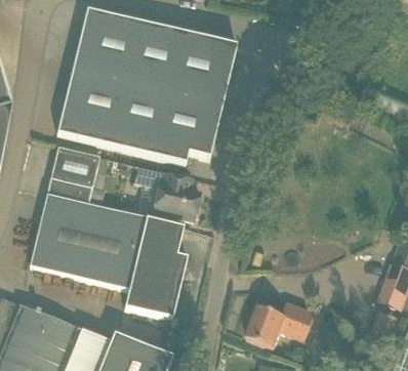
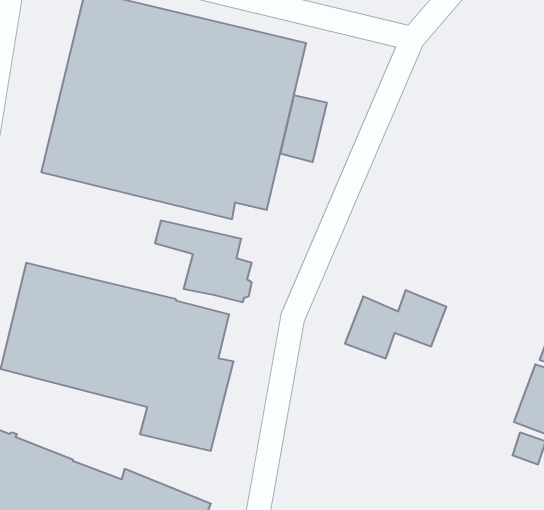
building: none -> [280,95,327,162]
building: [47,145,100,203] -> none
building: [247,300,316,346] -> [345,290,446,358]

